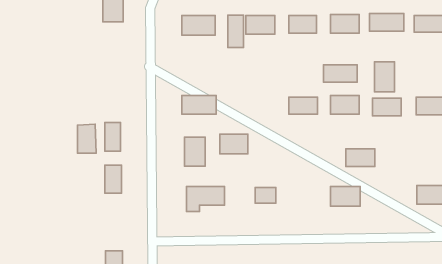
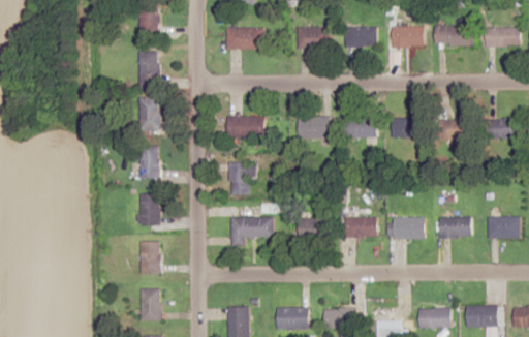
building: [228,15,244,48] -> none
building: none -> [137,51,157,90]
building: [374,62,394,92] -> none
building: [324,65,357,82] -> none
building: [77,124,96,153] -> [138,97,159,129]
building: [220,134,248,154] -> [298,116,329,137]
building: [346,149,375,166] -> [438,217,470,237]
building: none -> [344,217,376,237]
building: none -> [139,241,160,273]

